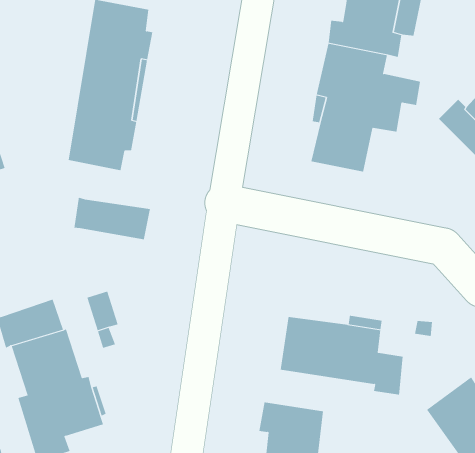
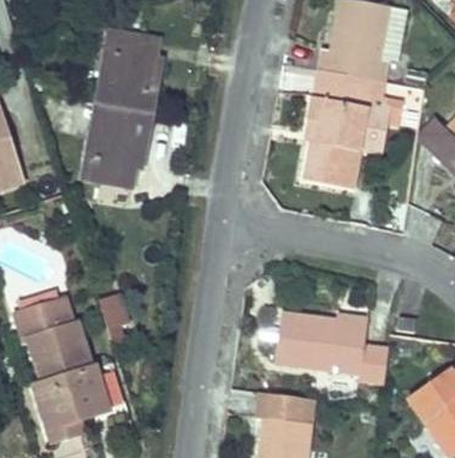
building: [74,197,150,240] -> none

